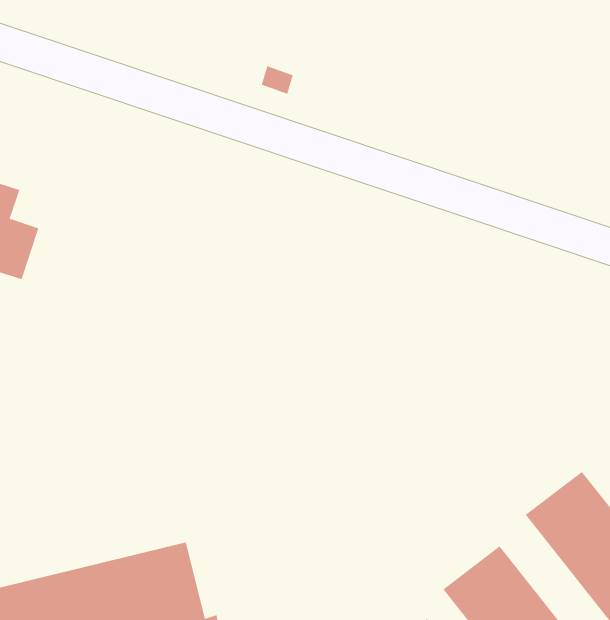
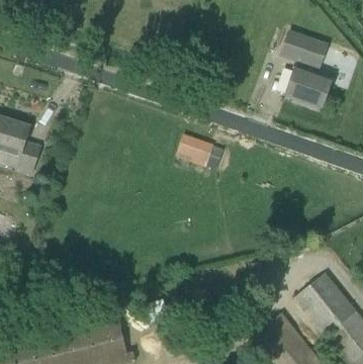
building: none -> [281,31,331,107]
building: none -> [176,134,222,168]

